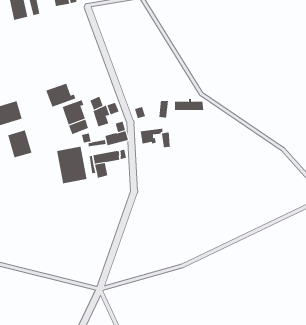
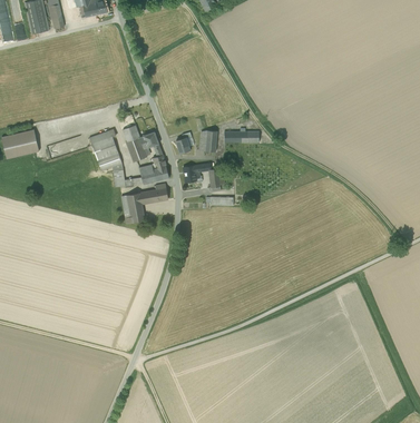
building: [46,83,76,108] -> none
building: [7,129,32,158] -> none
building: [57,146,87,184] -> none

